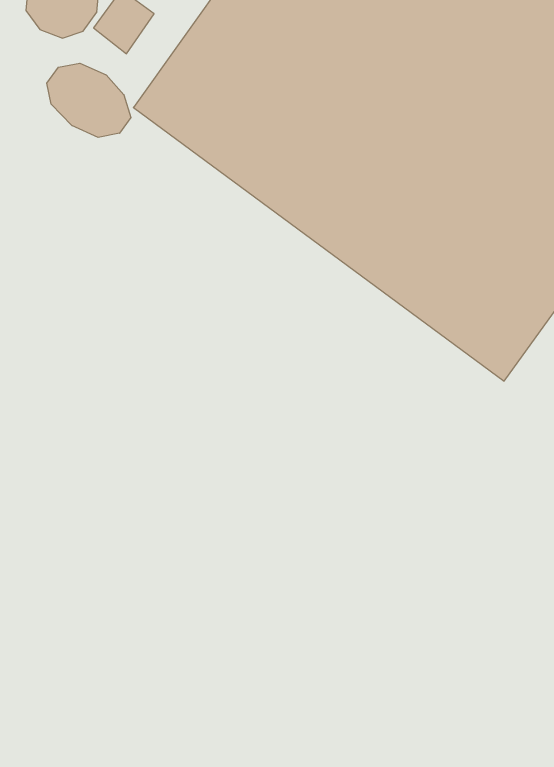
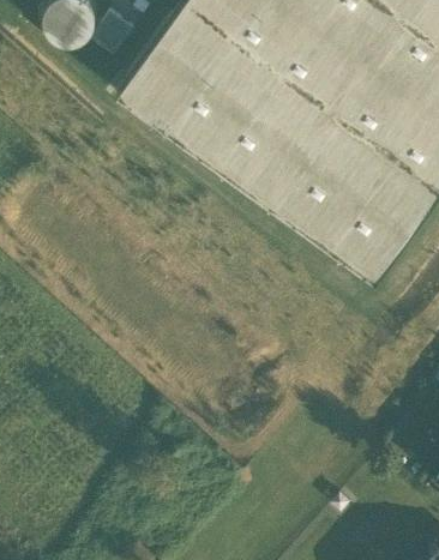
building: [47,63,131,137] -> none

